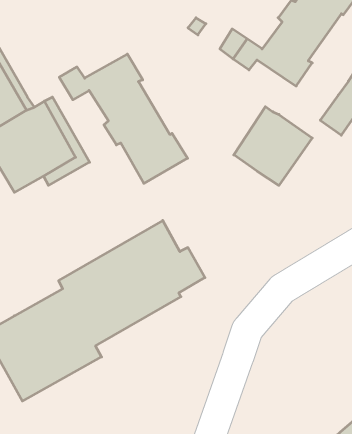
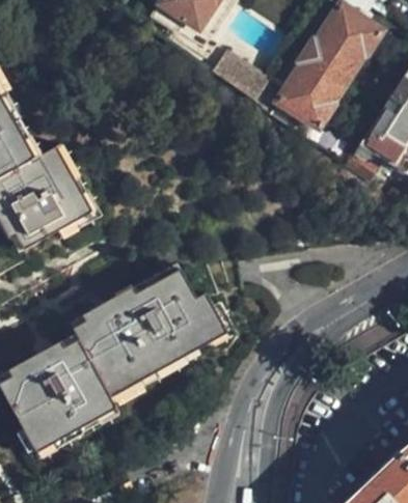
building: [59,54,188,183] -> none
building: [234,107,312,185] -> none

